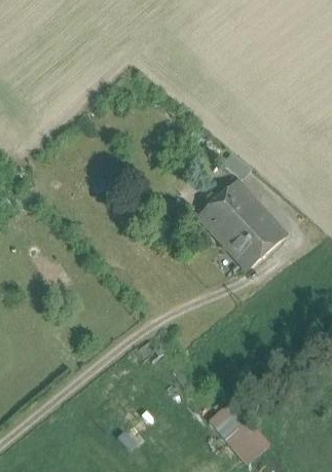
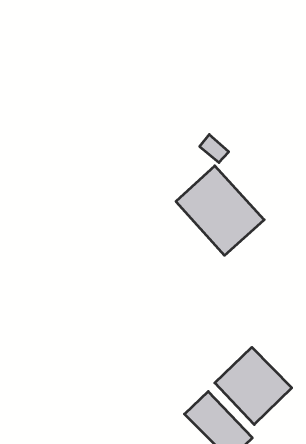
building: none -> [215,347,292,425]

